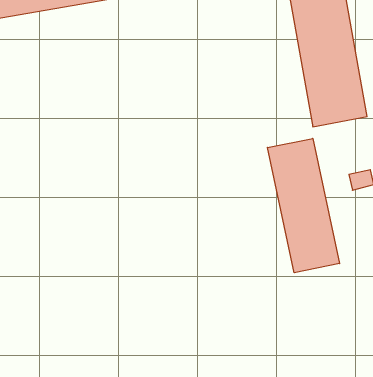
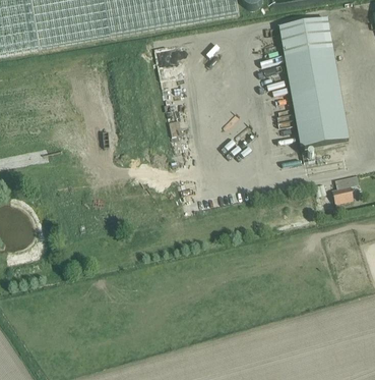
building: [267,138,340,273] -> none

